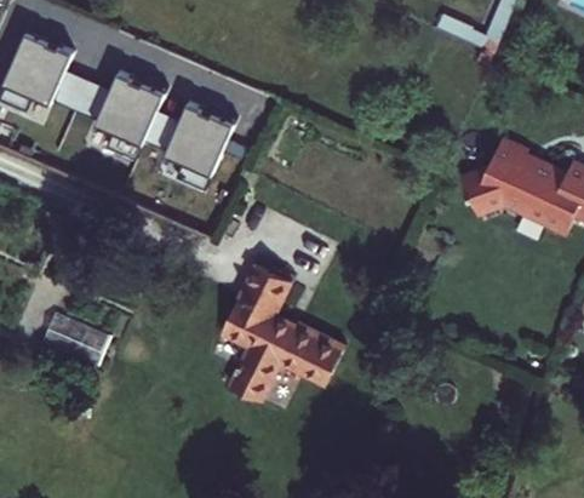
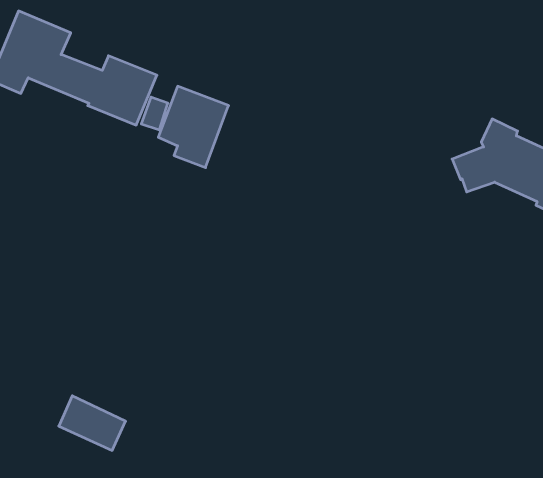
building: [225,268,342,403] -> none
building: [40,321,107,376] -> [59,396,126,450]

